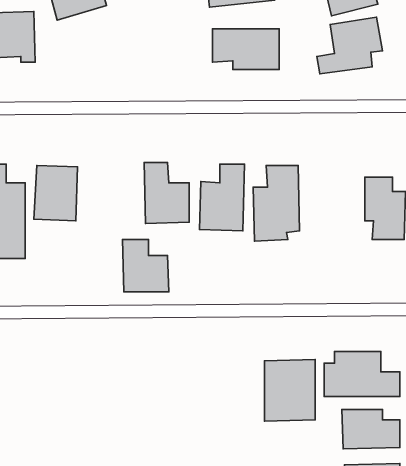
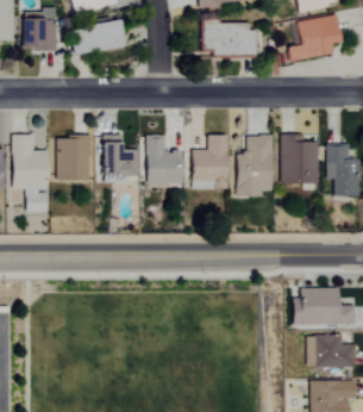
building: none -> [69,21,124,54]
building: none -> [281,135,320,185]
building: [122,239,169,292] -> [102,136,140,179]
building: [264,359,315,421] -> none

